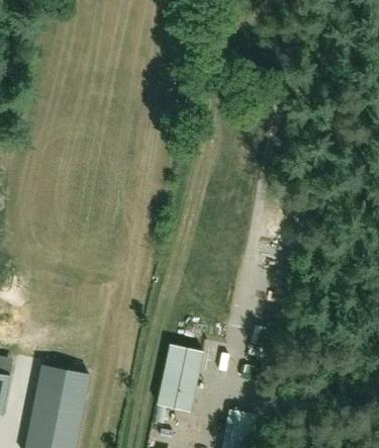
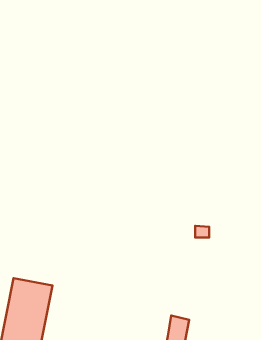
building: [156,344,204,413] -> none

